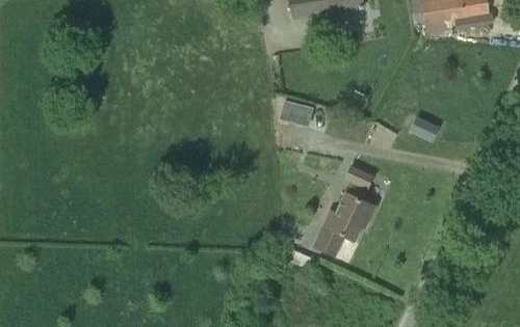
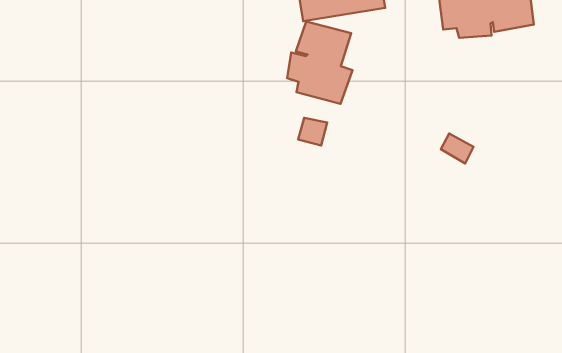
building: none -> [287,21,352,104]
building: [316,167,379,256] -> none

